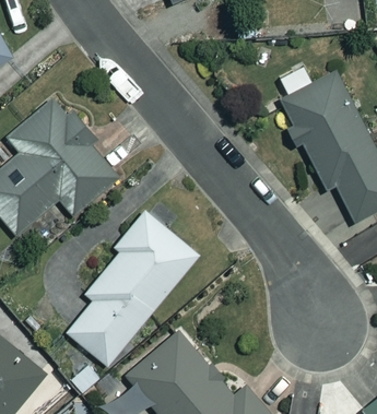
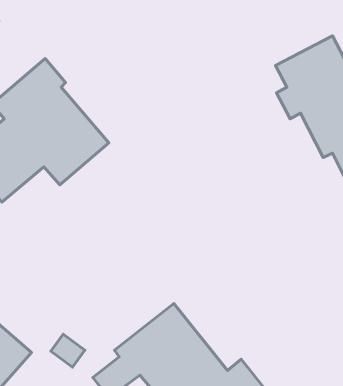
building: [69,210,204,360] -> none

